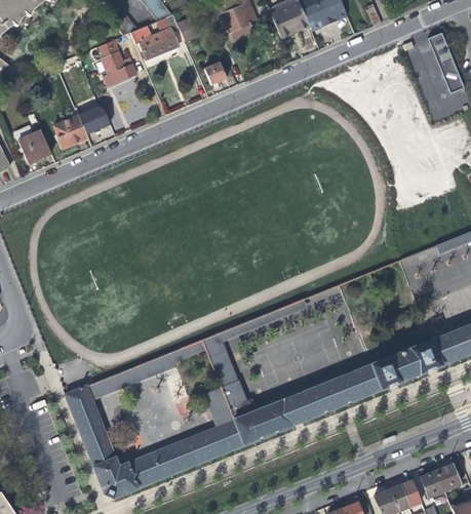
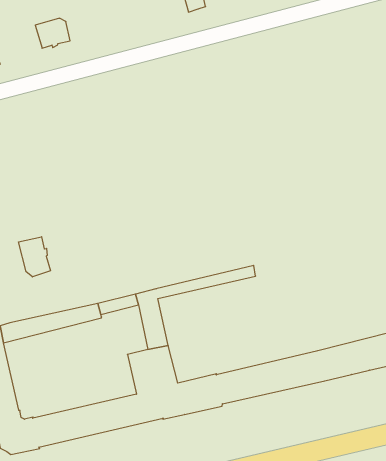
building: [53,116,86,149] -> none
building: none -> [19,237,51,277]

